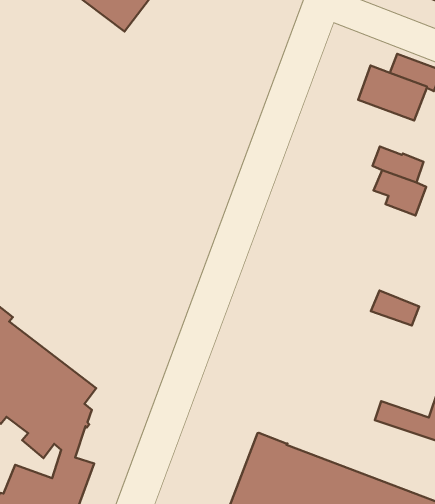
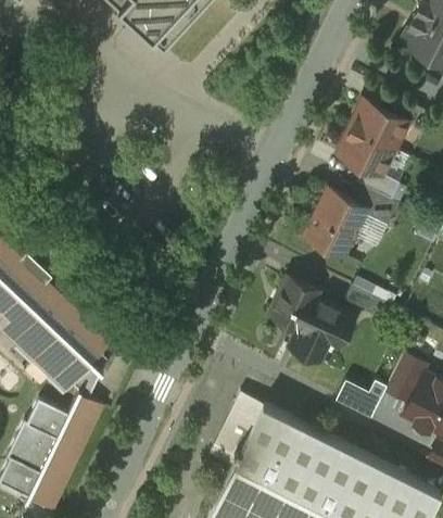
building: none -> [337,128,394,177]
building: none -> [305,190,367,256]
building: none -> [268,278,354,362]

